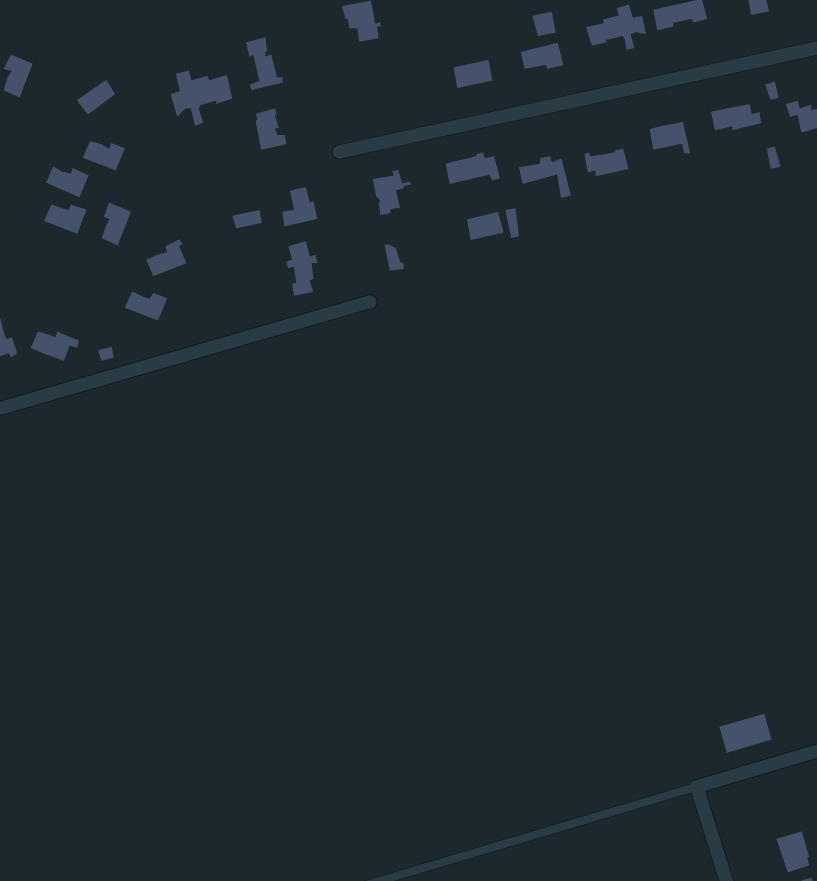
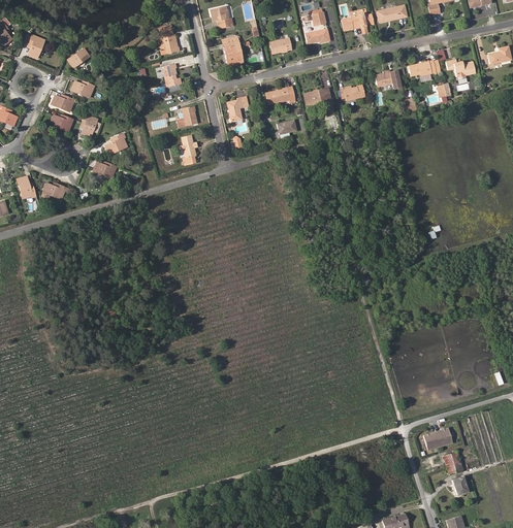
building: none -> [221,35,243,65]
building: [170,70,233,127] -> none
building: [719,713,772,753] -> [423,427,452,449]

